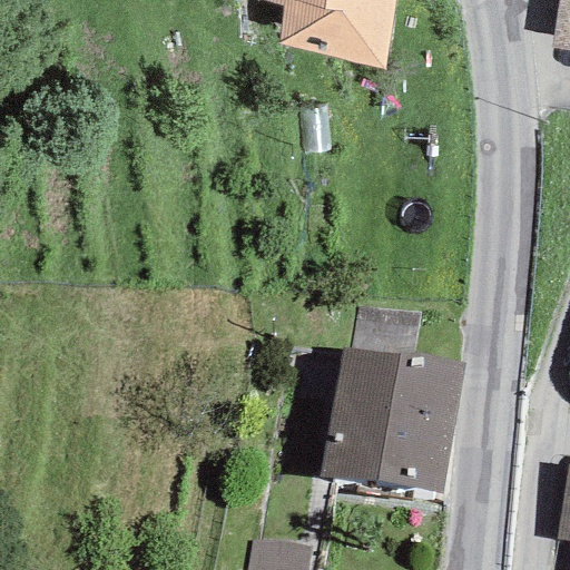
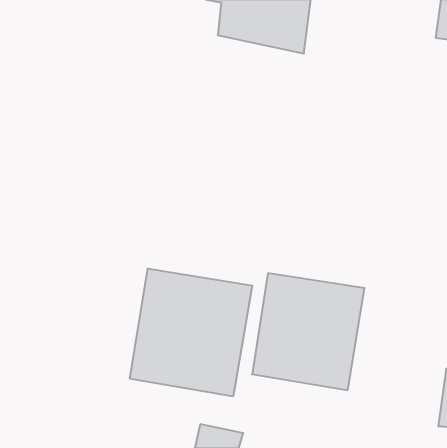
building: none -> [130,268,252,396]

